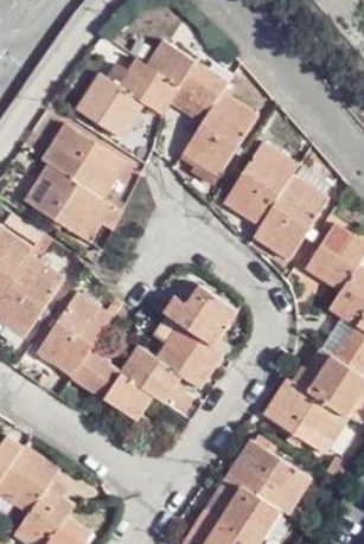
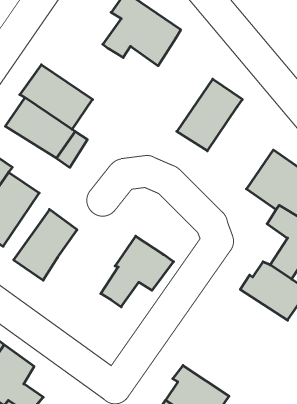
building: [79,57,159,136] -> none
building: [183,94,255,174] -> none
building: [251,173,325,257] -> none
building: [158,286,232,344] -> none
building: [69,345,155,418] -> none
building: [269,380,351,455] -> none
building: [230,437,313,511] -> none

